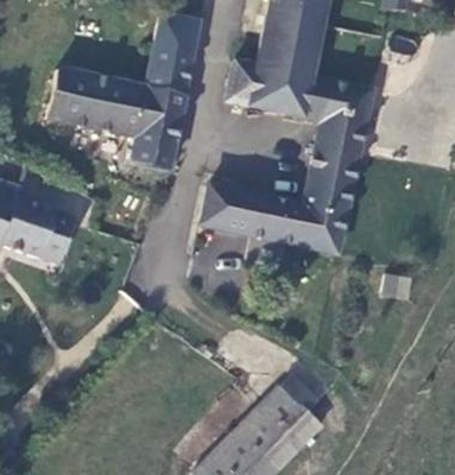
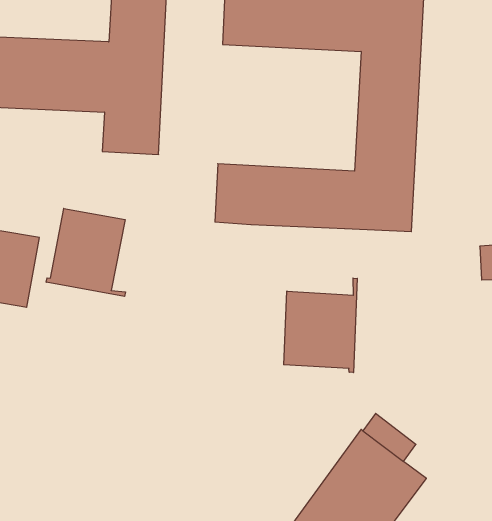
building: none -> [46,208,125,296]
building: none -> [284,278,357,373]

